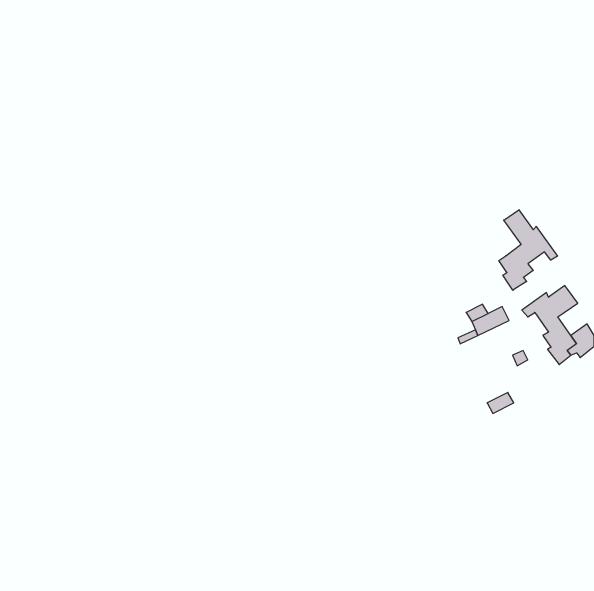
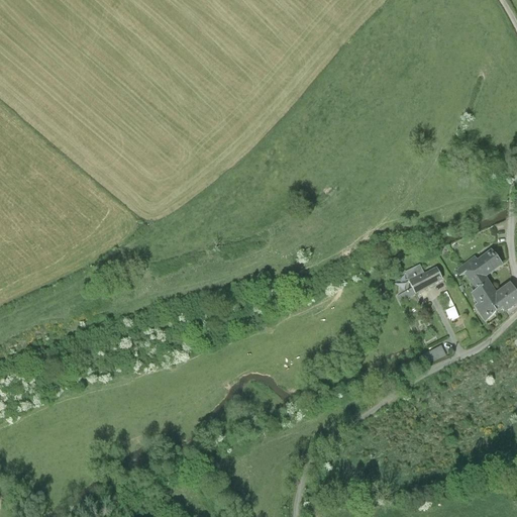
building: [499,210,557,290] -> none

